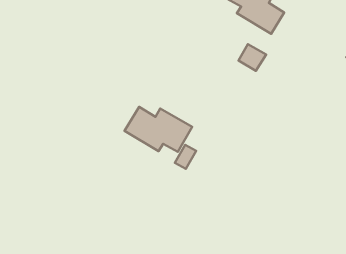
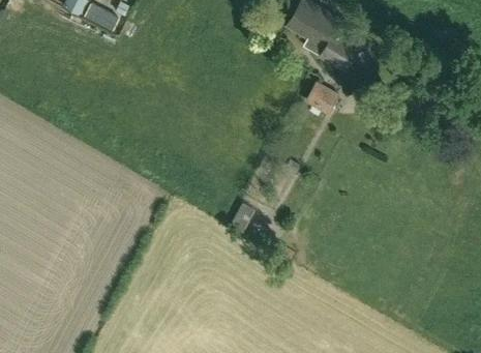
building: [125,107,192,152] -> none

